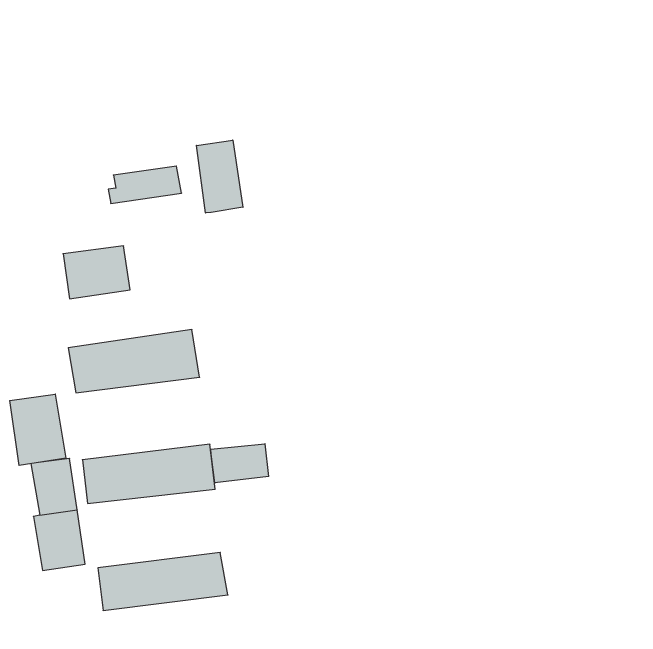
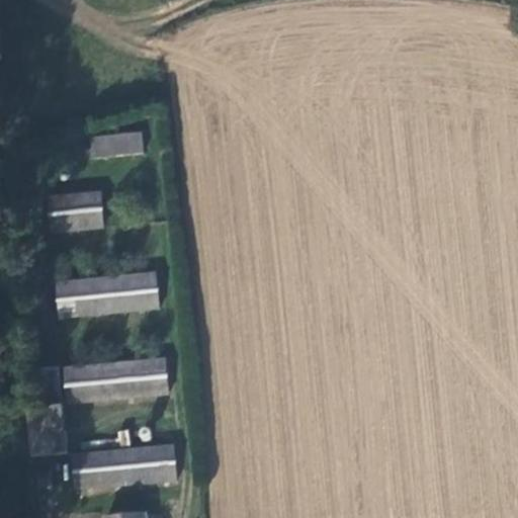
building: [196,140,243,213] -> none
building: [10,394,66,465] -> none
building: [211,444,269,483] -> none

